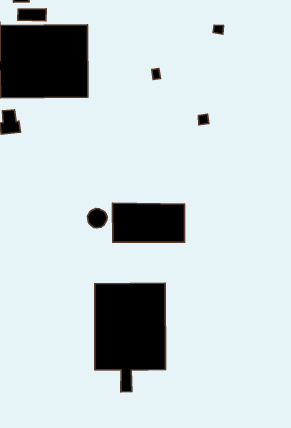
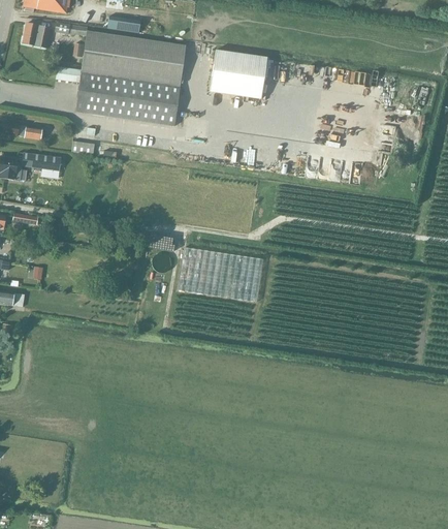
building: none -> [210,49,267,99]
building: [95,283,165,392] -> none

